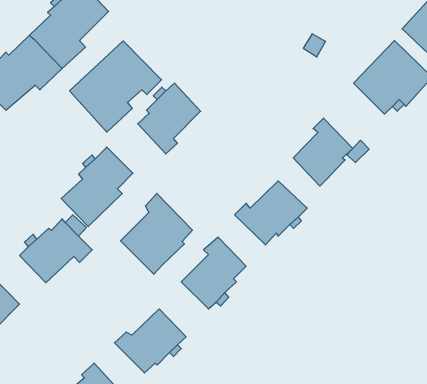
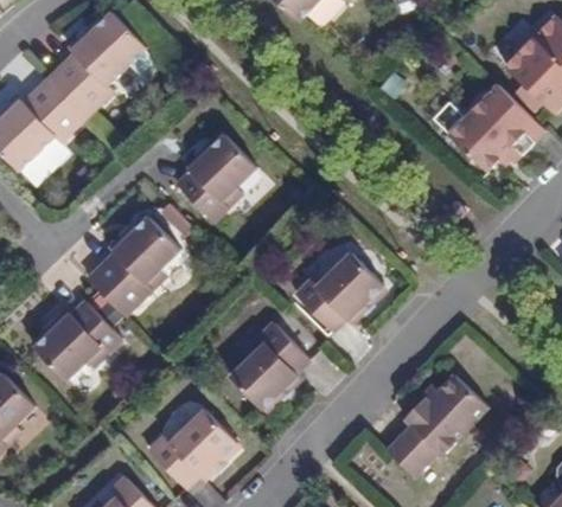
building: [70,41,162,132] -> none
building: [293,118,353,186] -> none
building: [121,193,192,274] -> none
building: none -> [387,377,488,475]

